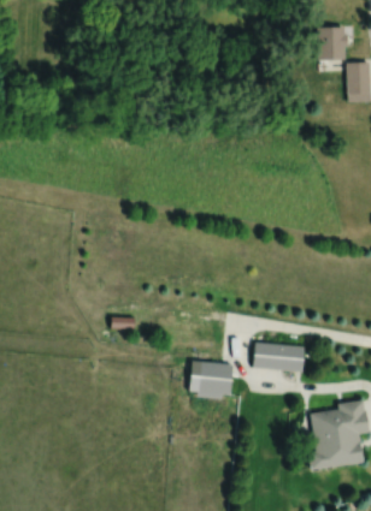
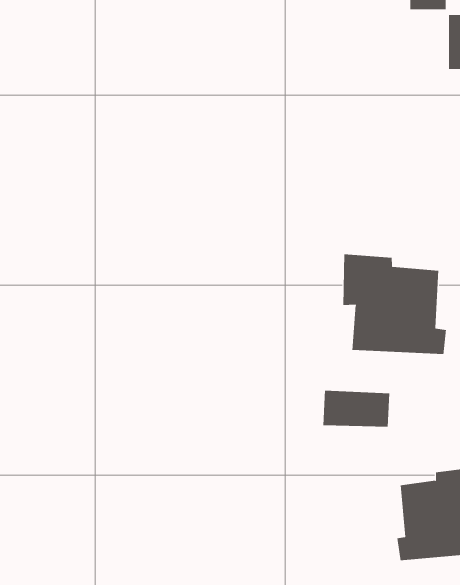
building: none -> [343,253,446,355]
building: [189,362,232,397] -> none

